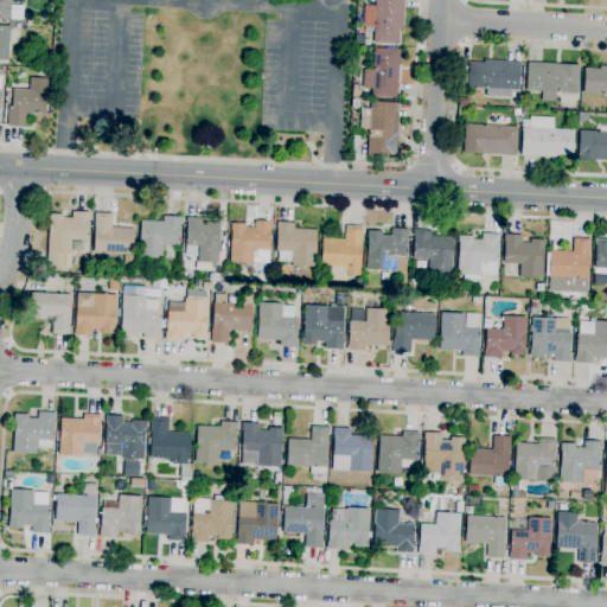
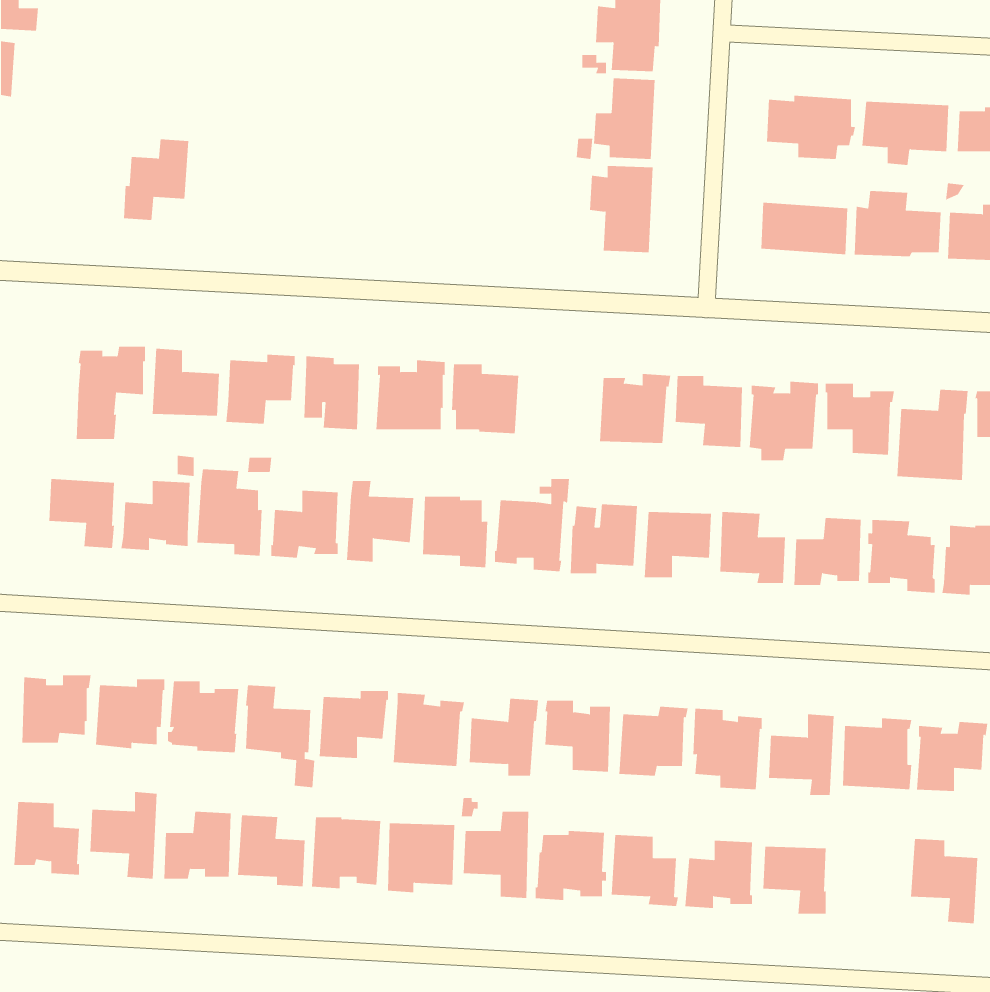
building: [9,77,50,127] -> [123,139,189,221]
building: [322,225,364,275] -> none
building: [511,517,554,560] -> none

